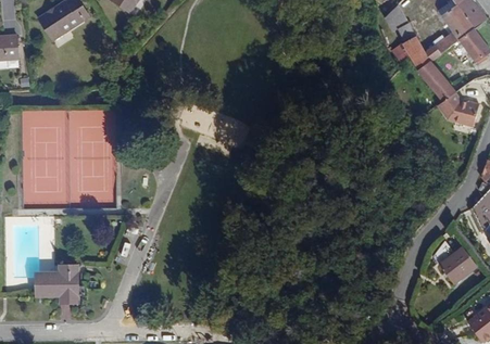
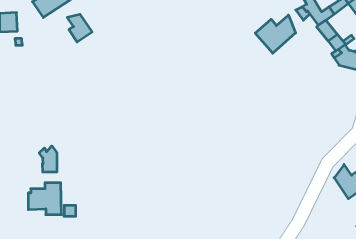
building: none -> [67,14,92,42]
building: none -> [255,15,296,53]
building: none -> [39,146,57,172]

